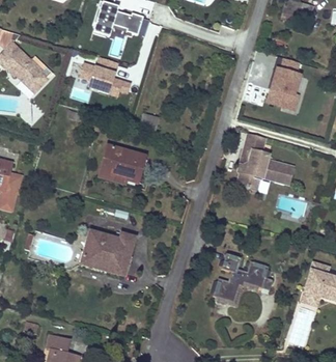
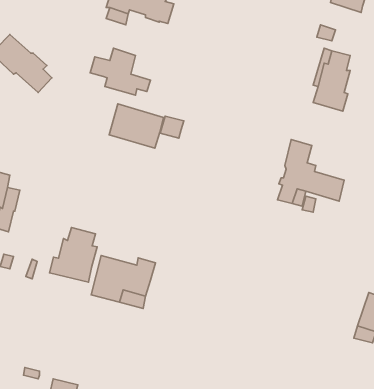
building: [99,144,144,182] -> [109,104,163,148]
building: none -> [50,227,97,282]
building: [213,252,273,301] -> none

